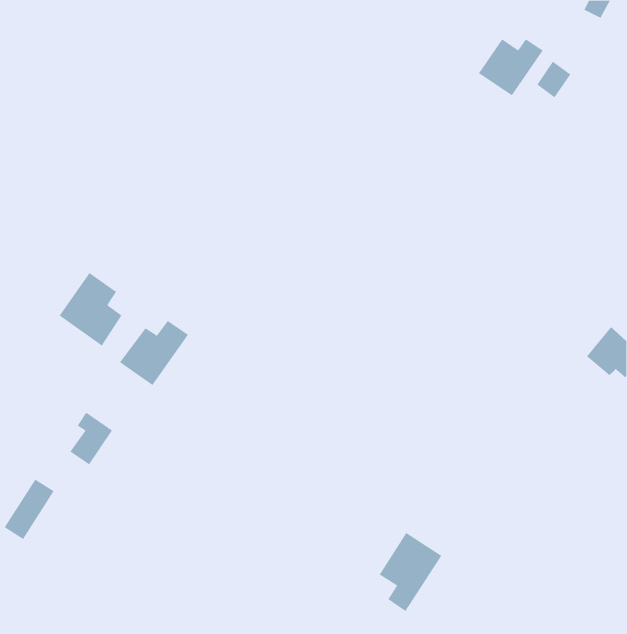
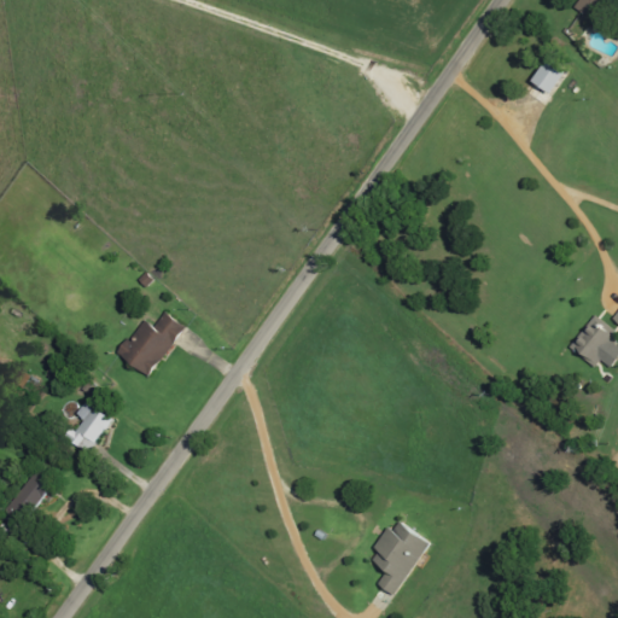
building: [478,38,544,96] -> none
building: [59,272,122,347] -> none

